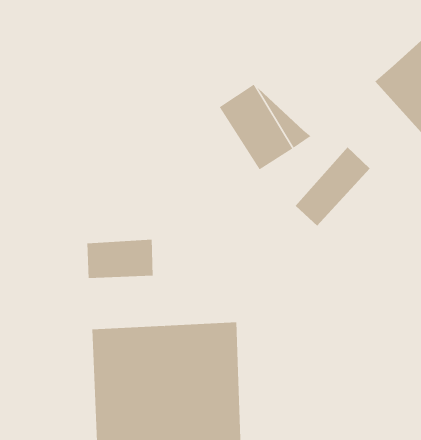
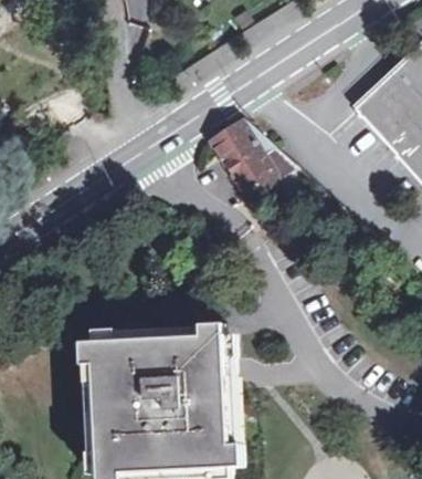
building: [295,146,370,227] -> none
building: [87,239,153,279] -> none

